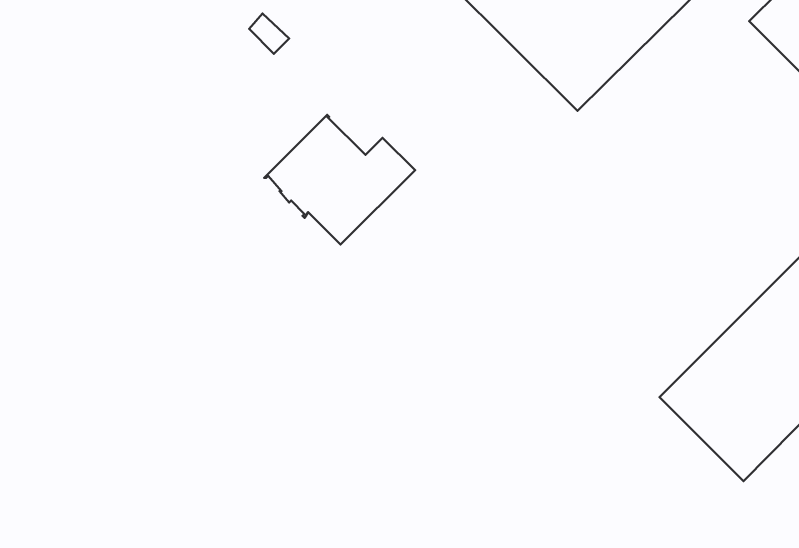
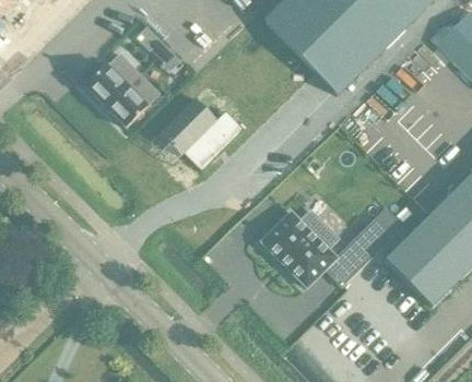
building: none -> [85,52,160,127]
building: none -> [261,205,404,286]

